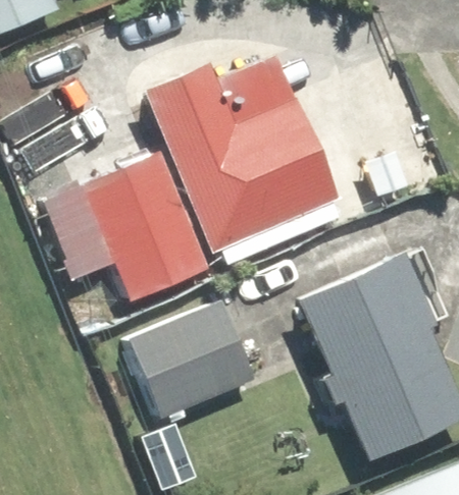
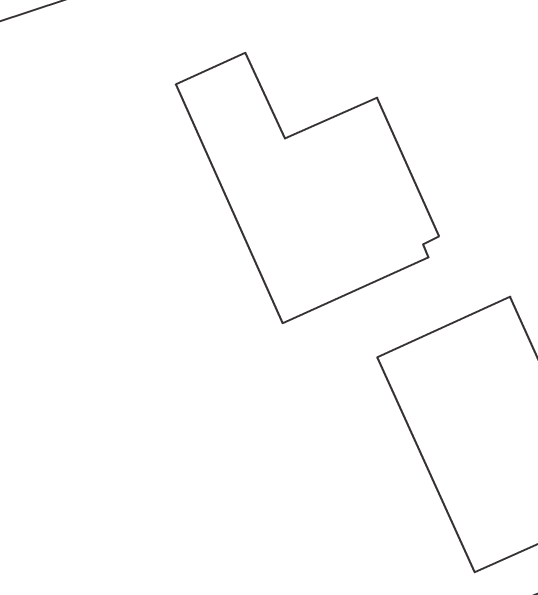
building: [69,138,207,305] -> none
building: [135,300,305,417] -> none

